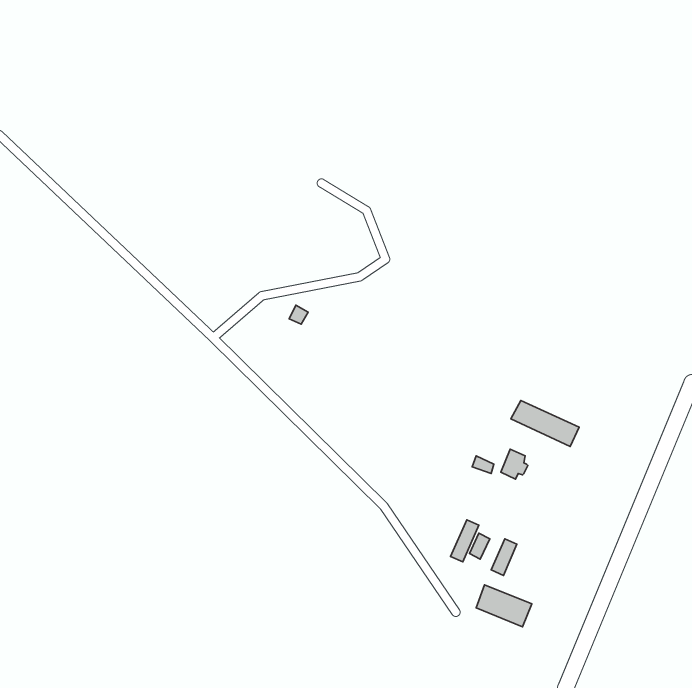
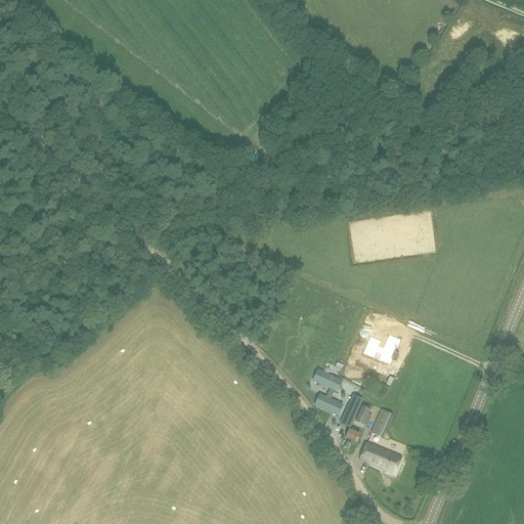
building: [511,401,579,446] -> none
building: none -> [314,368,342,412]

